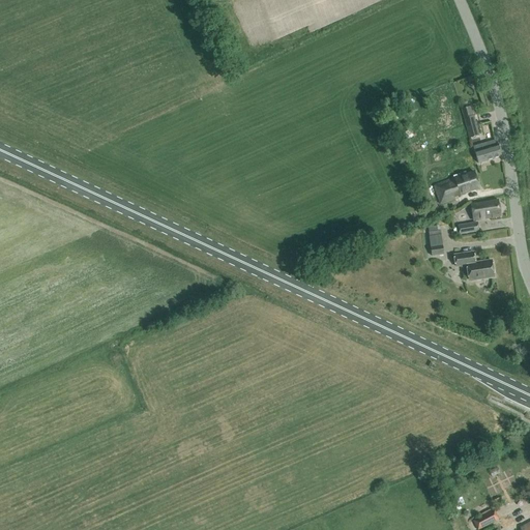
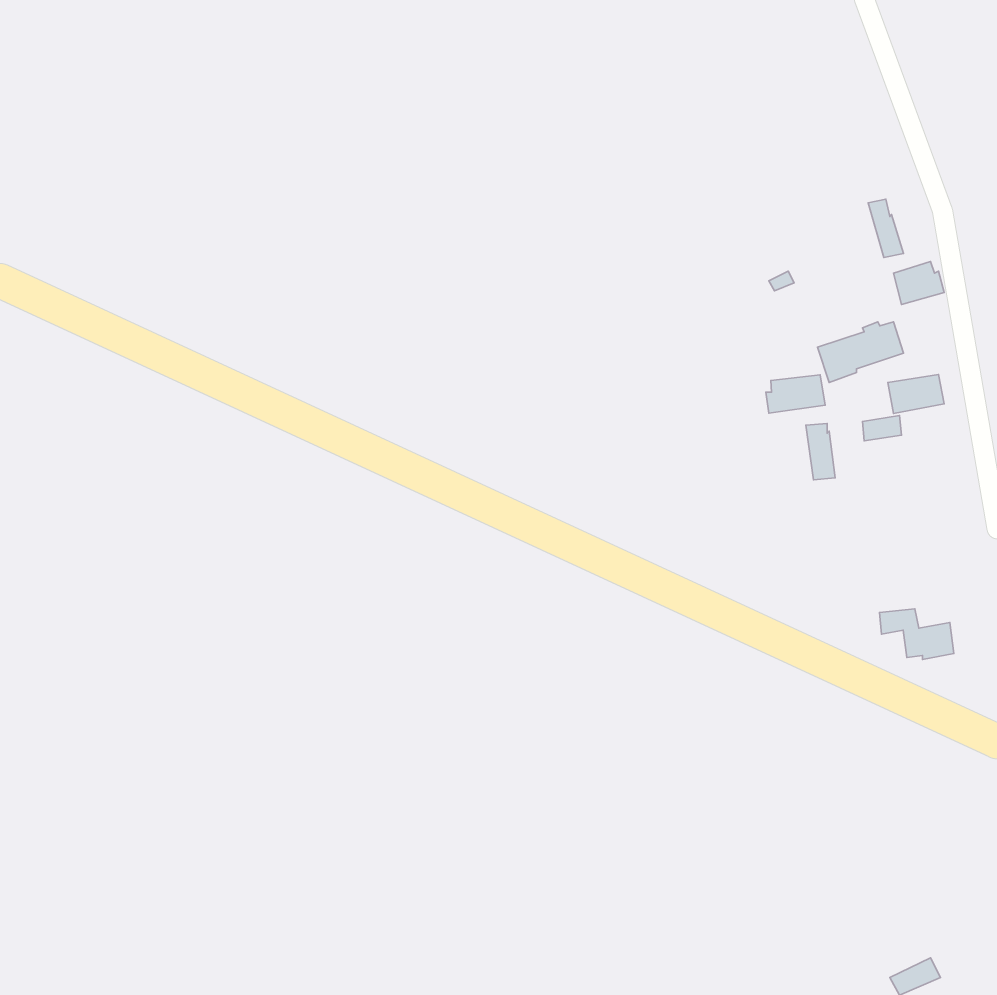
building: none -> [766,375,825,413]
building: [454,253,494,279] -> [880,609,954,659]

